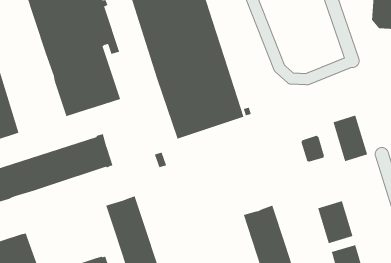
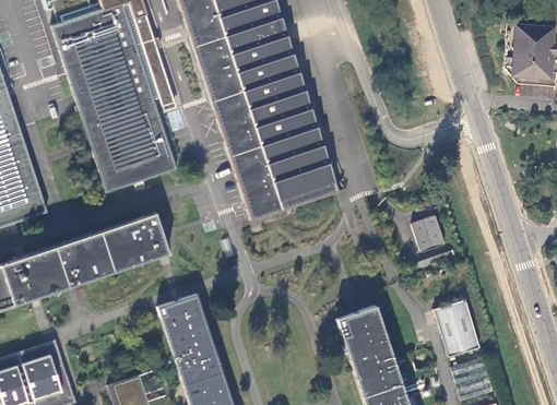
building: [332,114,368,162] -> none

